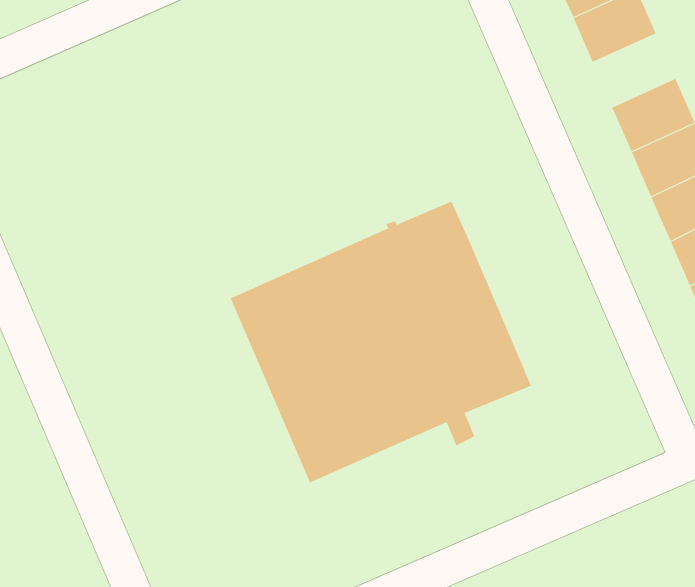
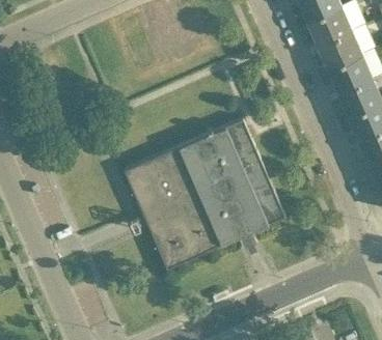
building: none -> [318,31,362,70]

